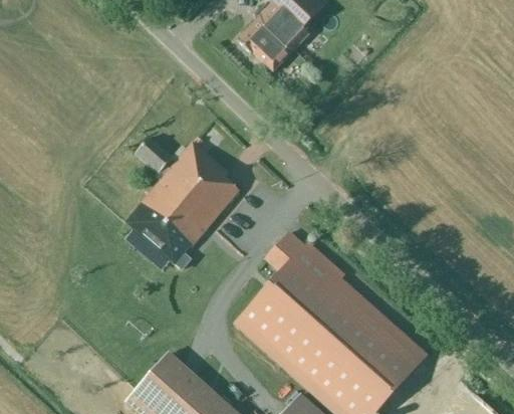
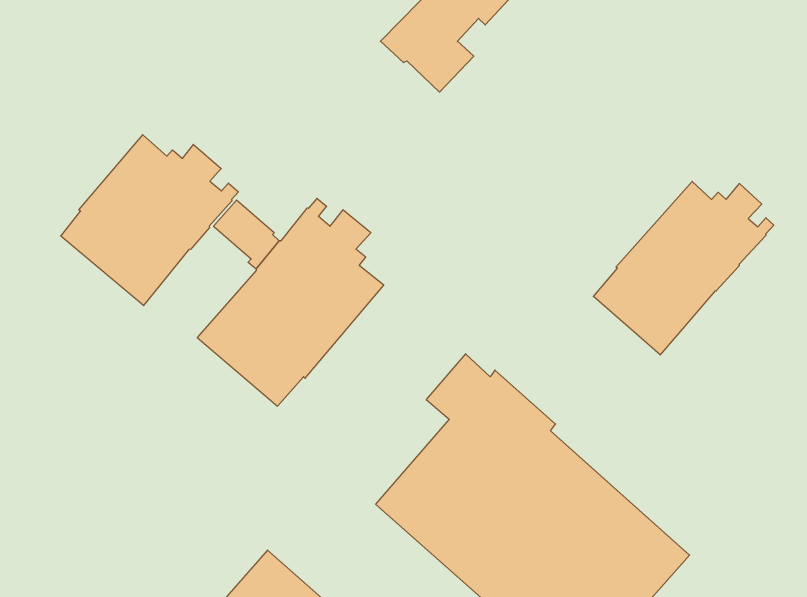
building: none -> [61,135,238,306]
building: none -> [593,181,774,355]

